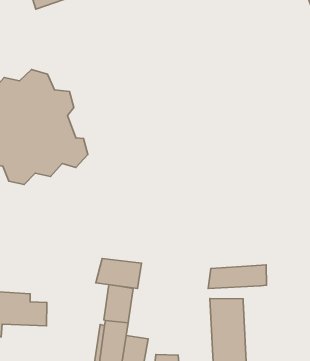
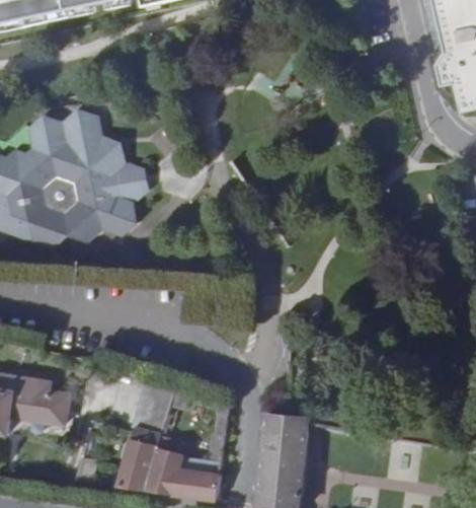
building: none -> [117,161,150,201]
building: [96,259,141,289] -> none
building: [208,265,266,288] -> none

